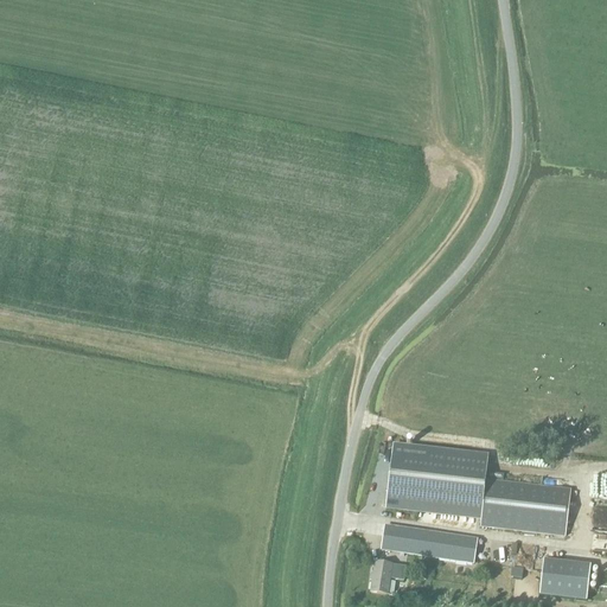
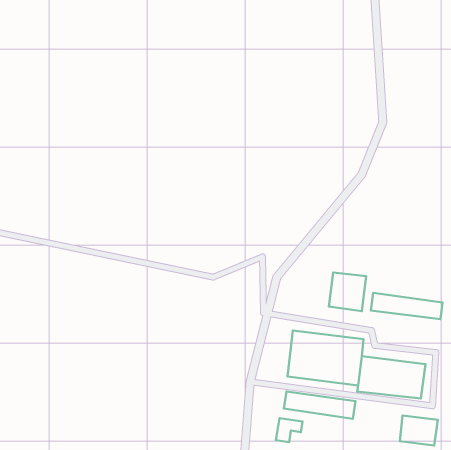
building: none -> [329,272,366,311]
building: none -> [371,293,443,319]

